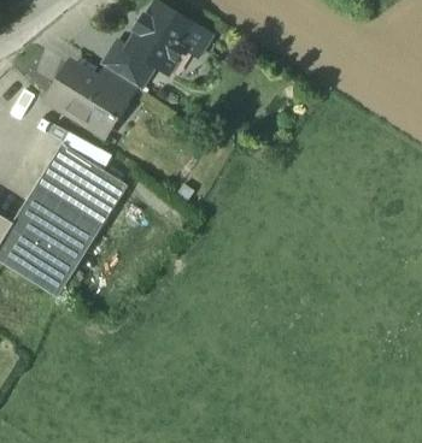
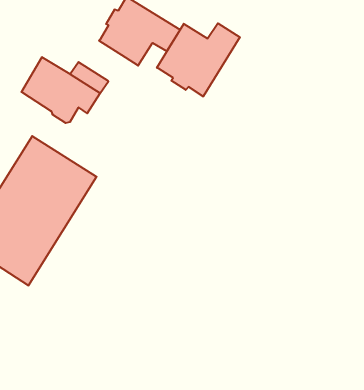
building: none -> [157,23,240,97]
building: [105,39,157,87] -> none

